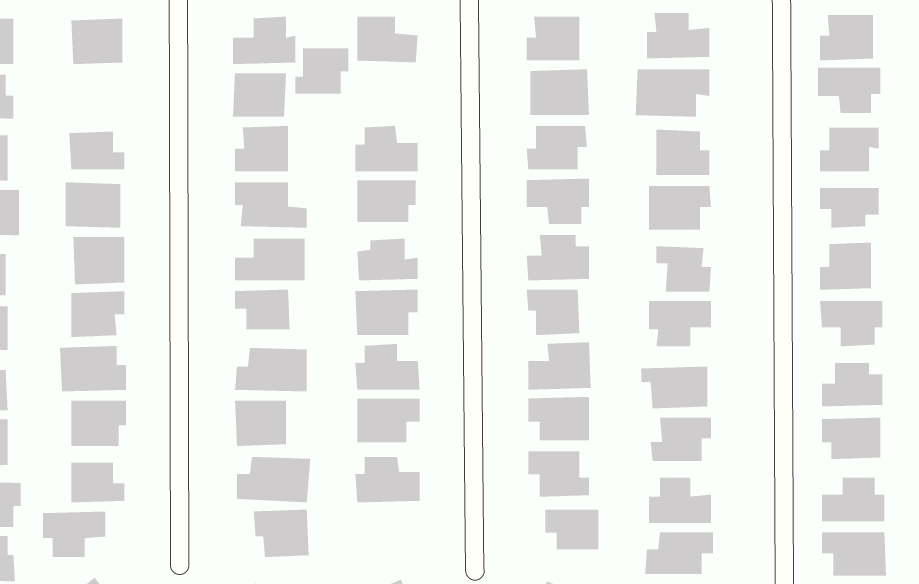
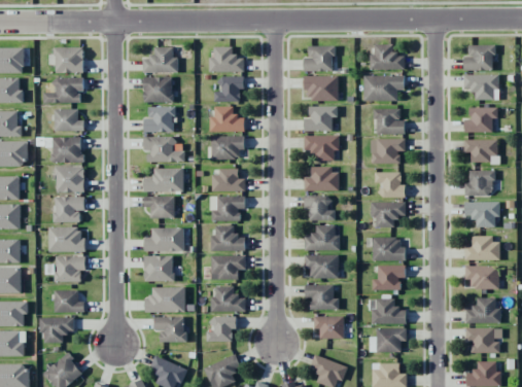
building: [295,48,349,95] -> [214,76,244,102]
building: none -> [43,77,84,103]
building: none -> [206,316,237,342]

